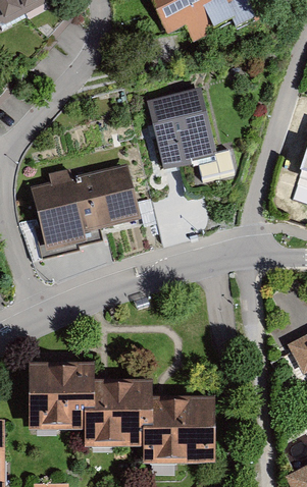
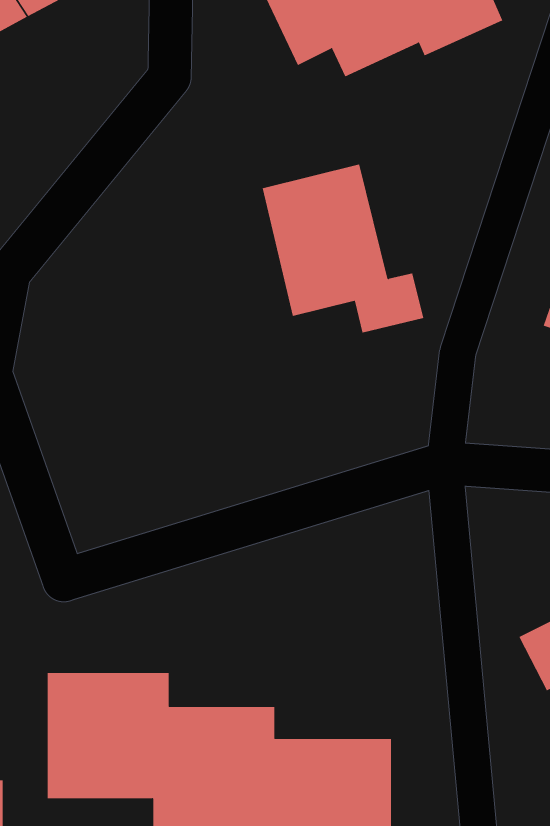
building: [29,163,141,255] -> none

